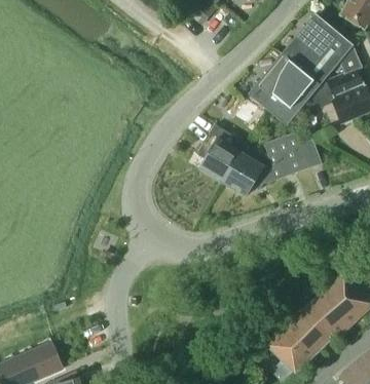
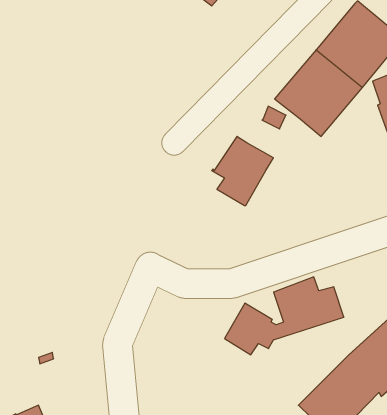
building: [224,130,322,194] -> [225,277,344,355]

